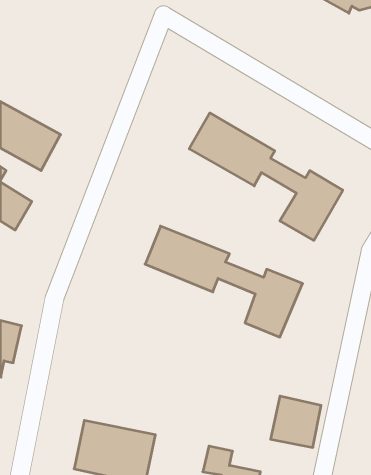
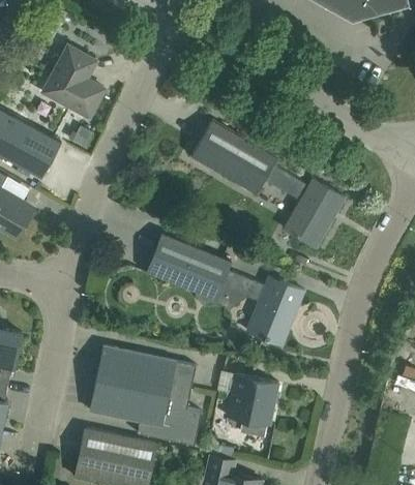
building: none -> [43,47,105,117]
building: none -> [90,346,202,446]
building: [271,396,321,447] -> [228,374,278,426]

